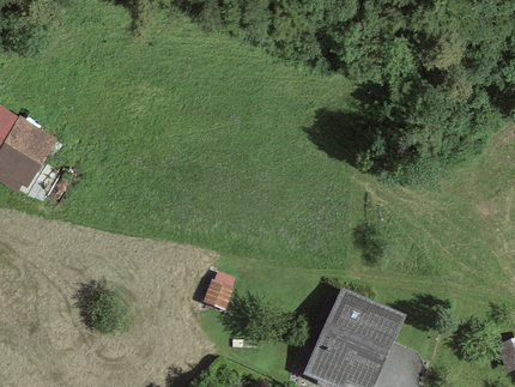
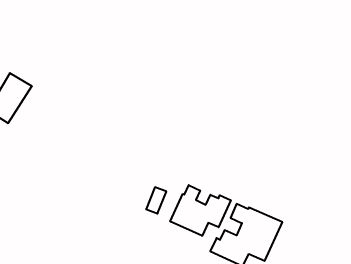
building: none -> [170,185,231,236]

